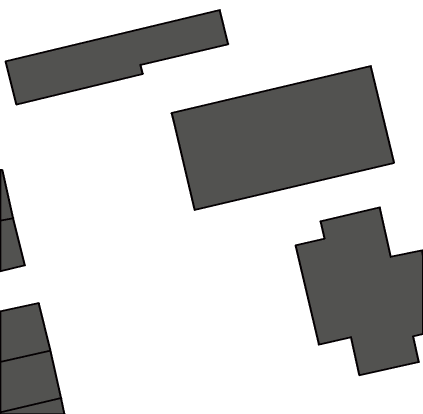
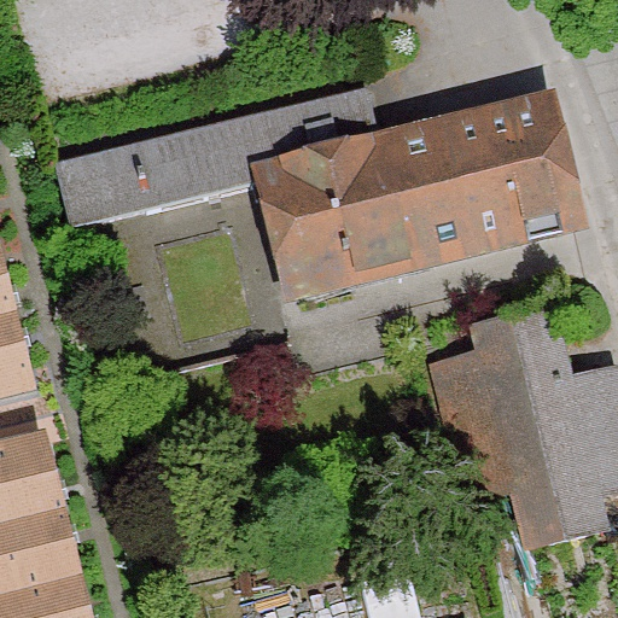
building: [6,10,228,104] -> [53,86,378,223]

